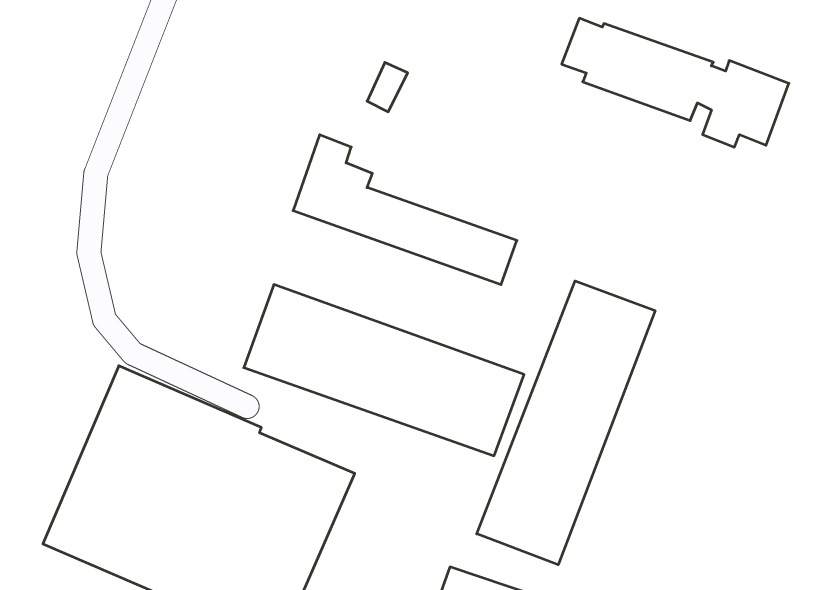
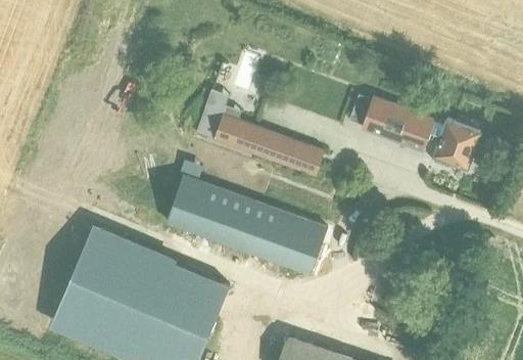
building: [562,18,789,147] -> [349,93,481,168]
building: [477,281,655,565] -> none

